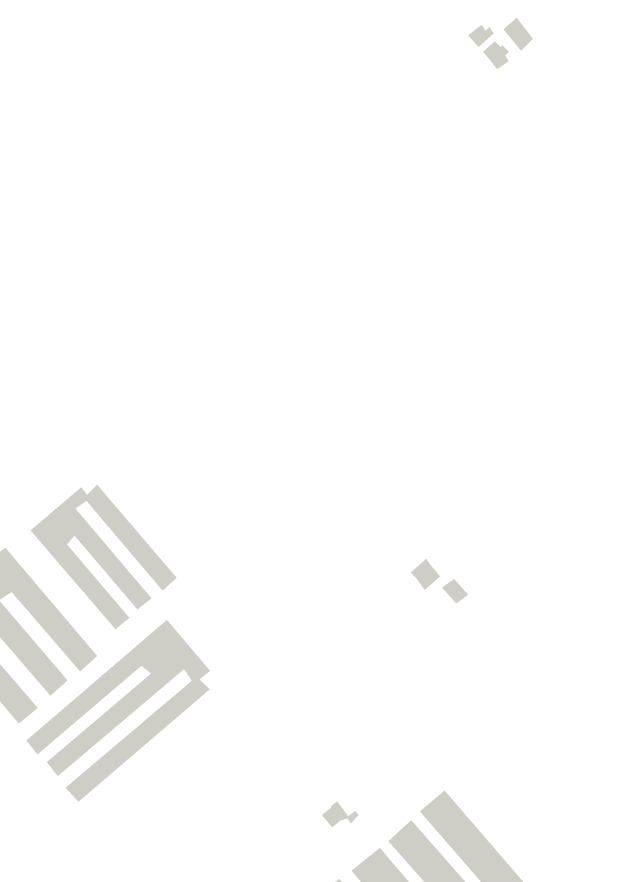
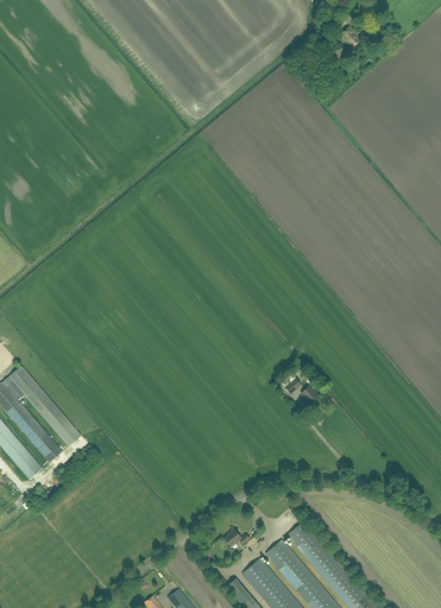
building: [29,484,178,630] -> none
building: [26,619,211,803] -> none

